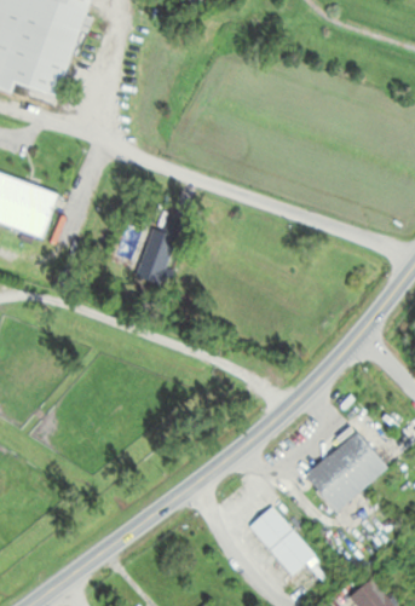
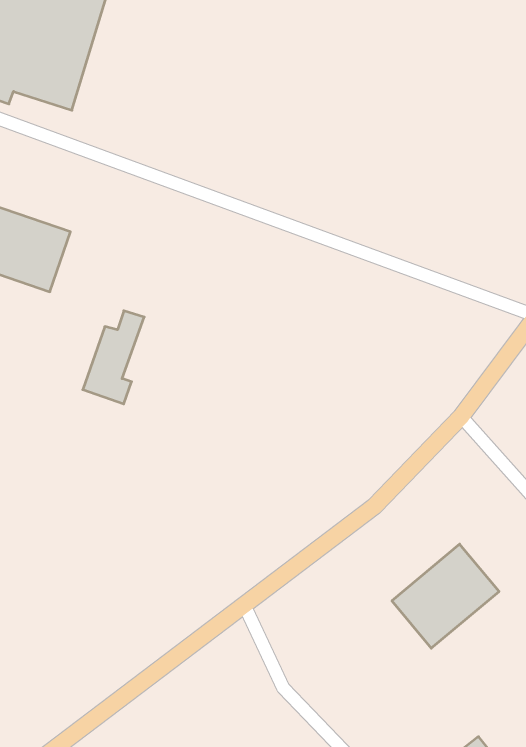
building: [134,215,181,287] -> [83,311,144,404]
building: [249,506,313,576] -> none

